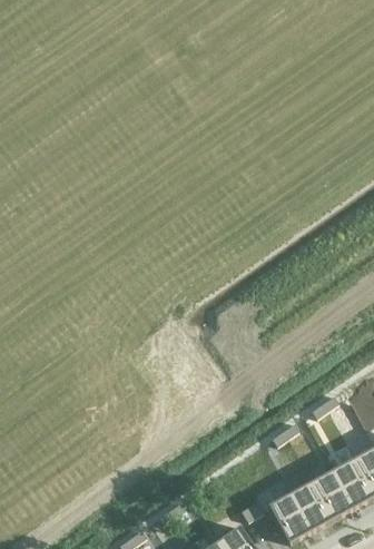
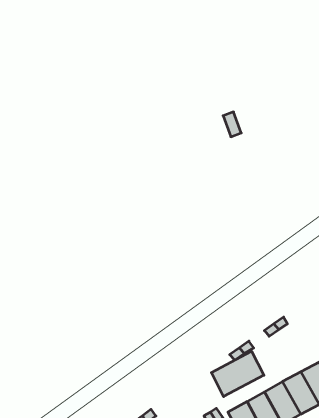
building: none -> [211,351,264,397]

